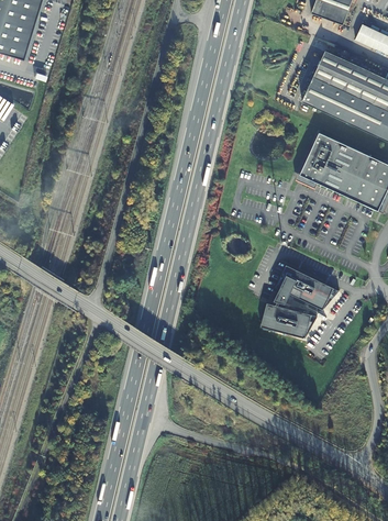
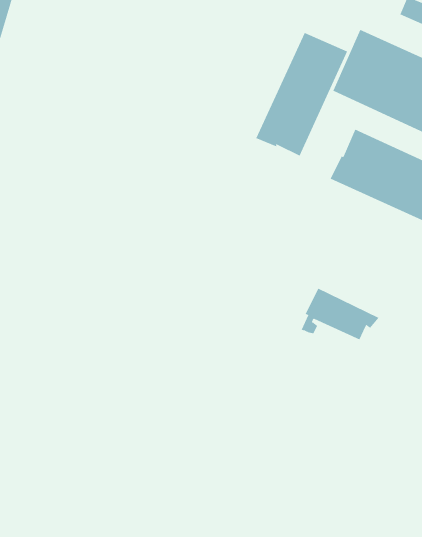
building: none -> [255,32,348,156]
building: [264,303,319,339] -> none

